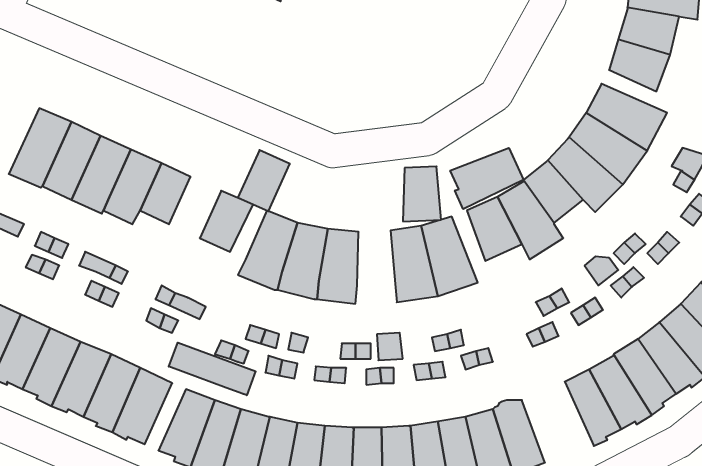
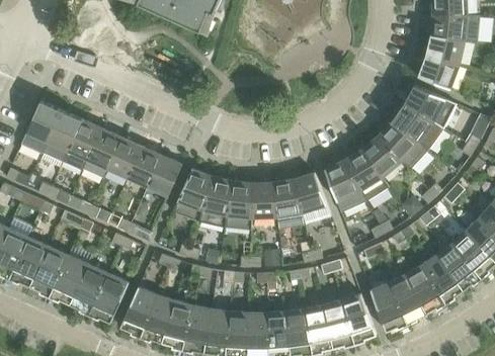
building: [450,148,523,209] -> none
building: [238,150,290,211] -> [127,146,161,186]
building: [403,166,441,221] -> [251,181,276,217]
building: [169,343,256,395] -> none
building: none -> [369,281,408,331]

